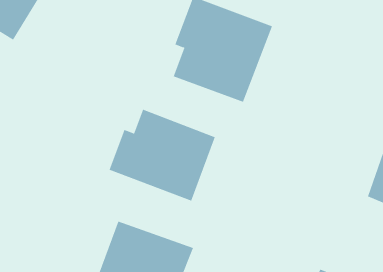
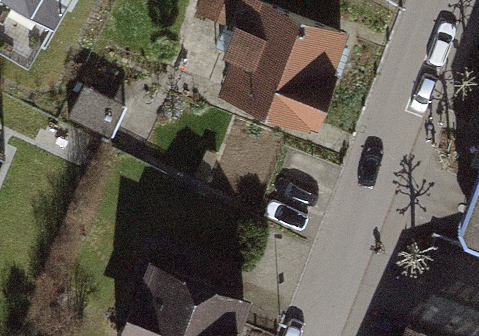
building: [109,109,216,201] -> none

